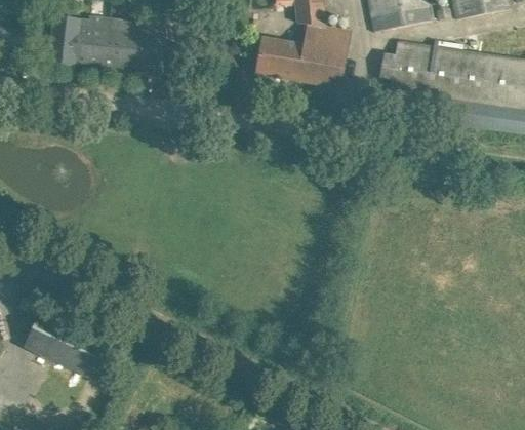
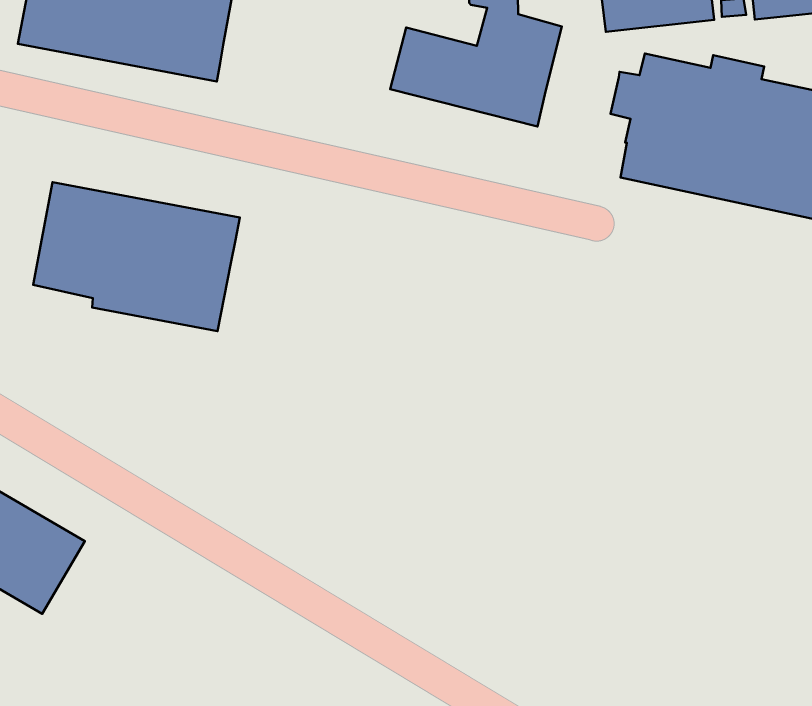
building: none -> [33,182,240,331]

